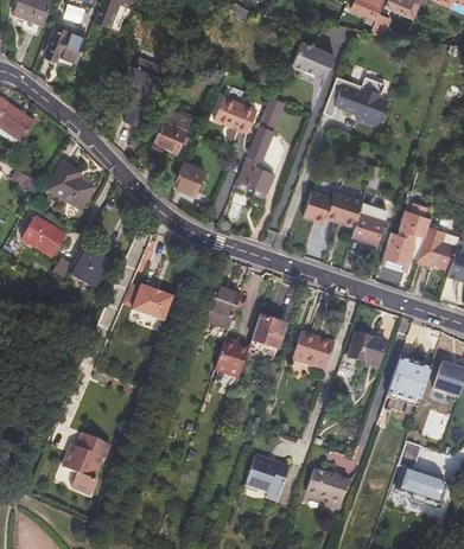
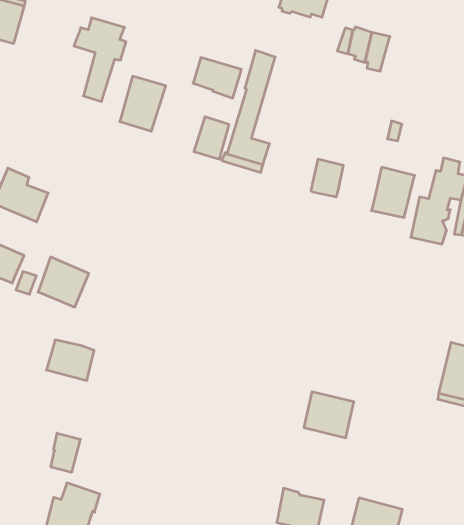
building: [173,159,204,194] -> [194,117,229,159]
building: [325,190,363,223] -> none
building: [129,283,170,319] -> [46,340,94,380]
building: [209,286,237,327] -> none
building: [252,317,284,349] -> none
building: [294,330,337,370] -> [304,392,354,438]
building: [351,333,387,365] -> none
building: [212,337,249,378] -> none
building: none -> [51,433,80,472]

